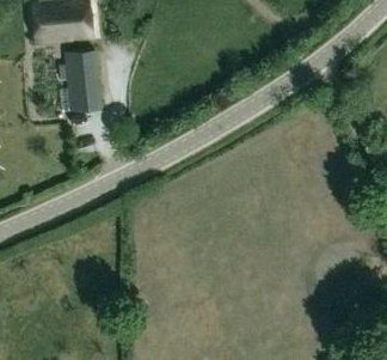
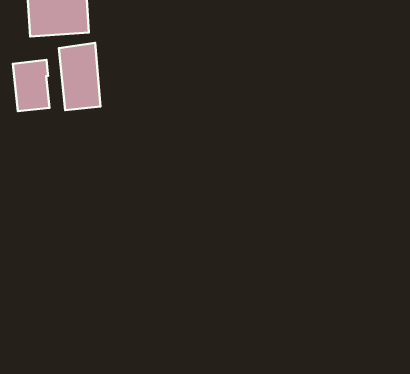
building: none -> [13,60,49,111]

